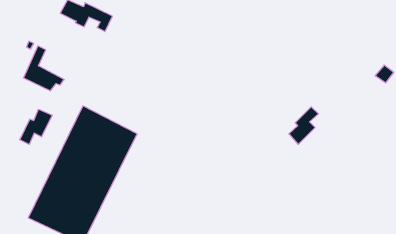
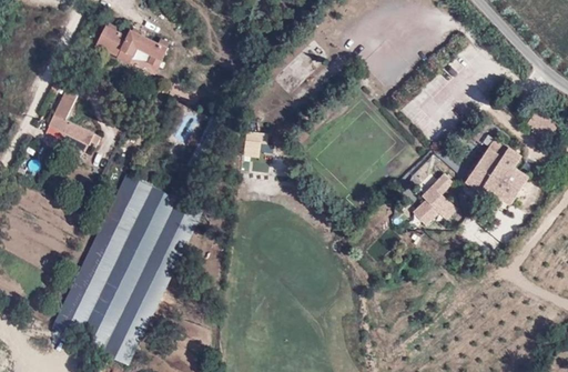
building: none -> [467,140,529,204]
building: [20,109,52,144] -> none

